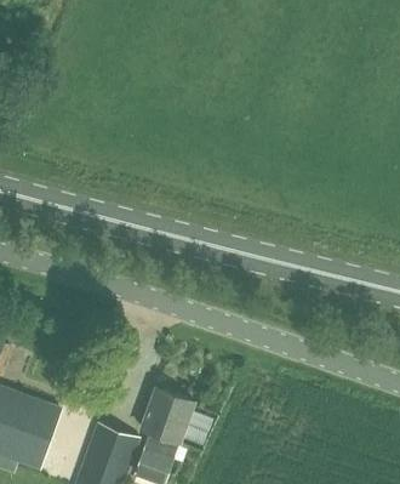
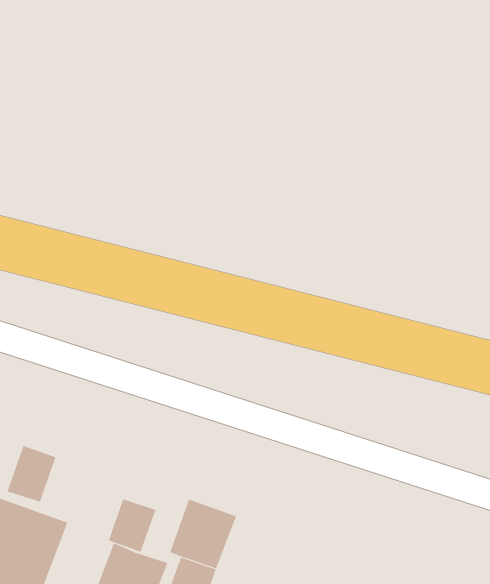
building: none -> [7,445,56,503]
building: none -> [108,499,156,553]

